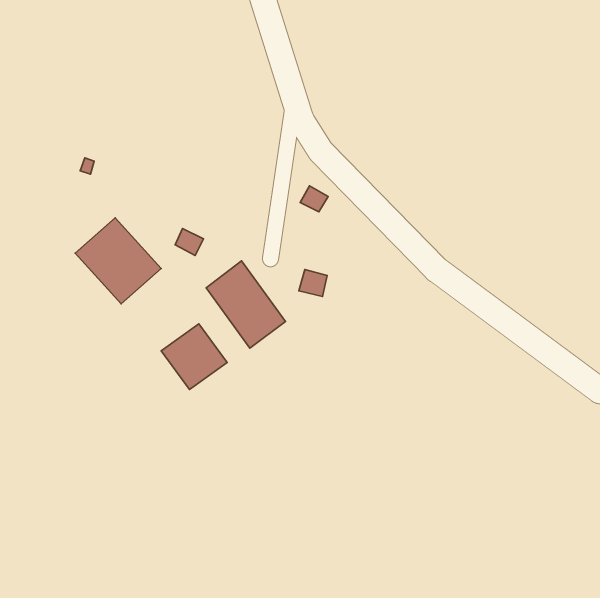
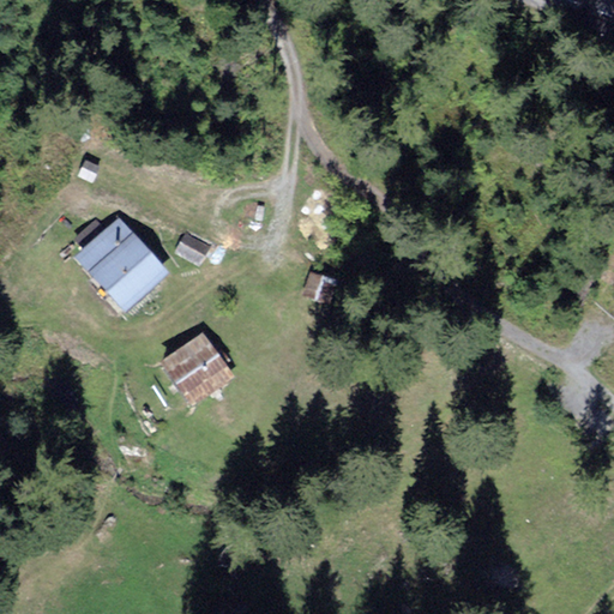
building: [206,261,285,348] -> none

